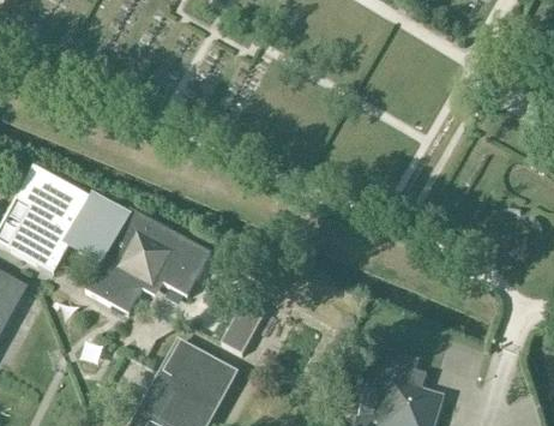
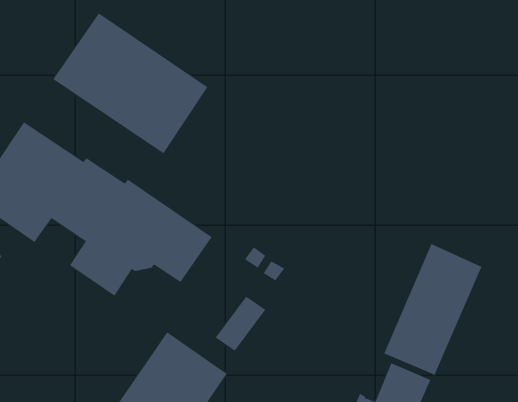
building: none -> [52,13,208,154]
building: none -> [384,243,482,375]

